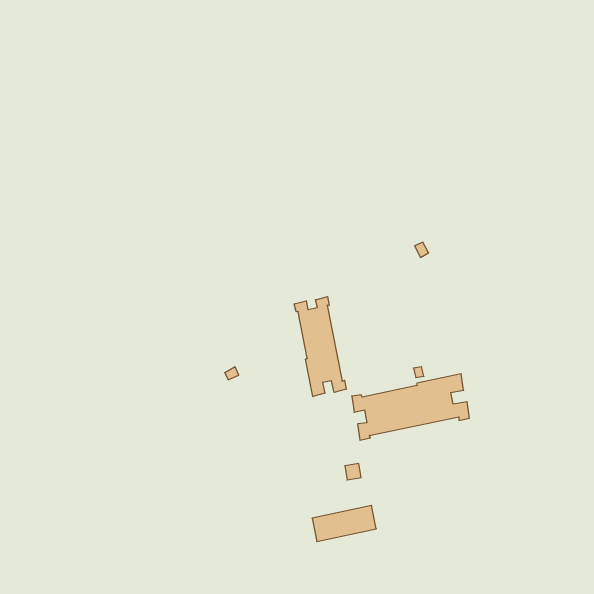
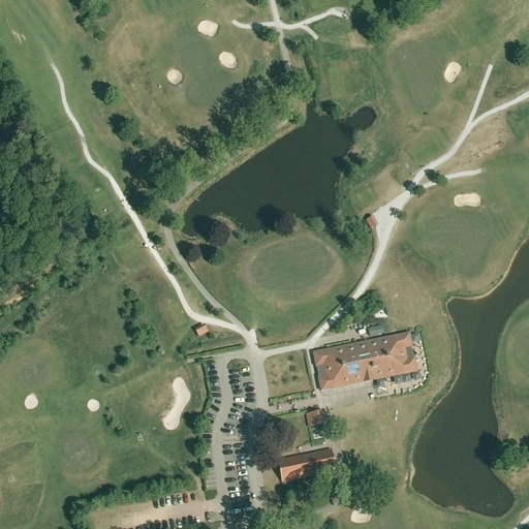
building: [294,297,346,397] -> none

